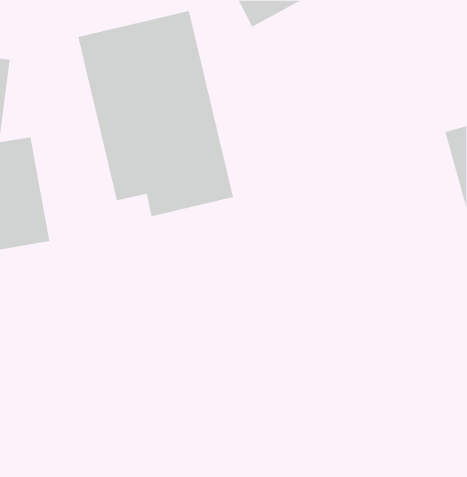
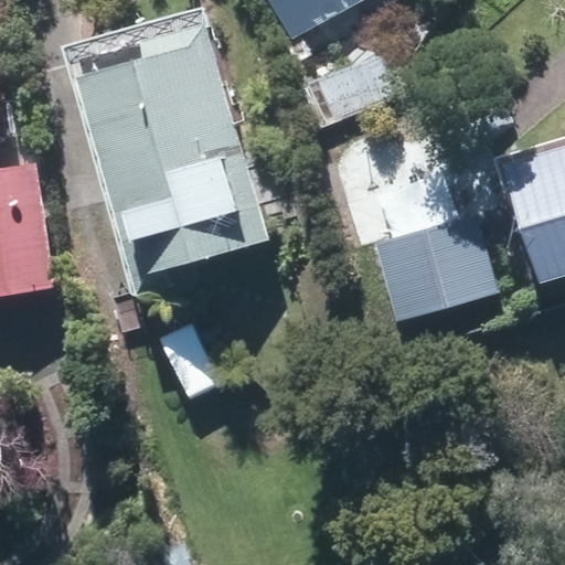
building: none -> [377,218,498,321]

